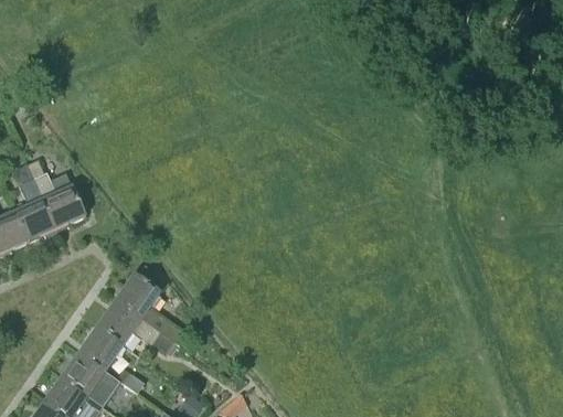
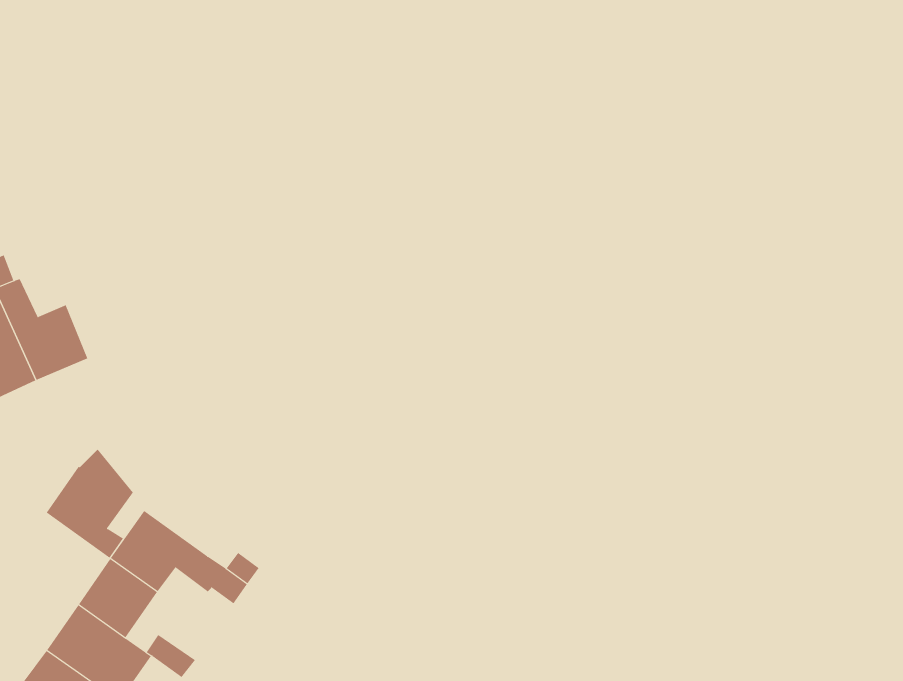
building: [115,265,163,325] -> [46,449,134,559]

